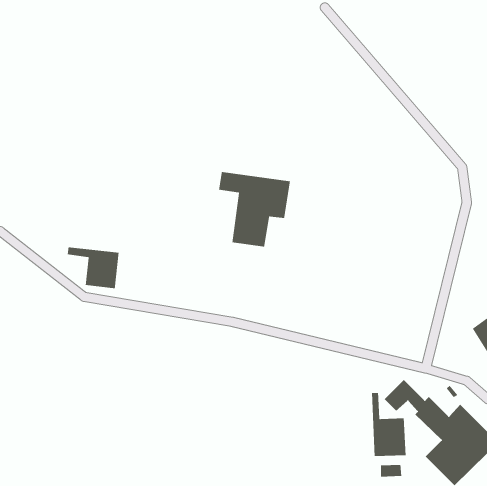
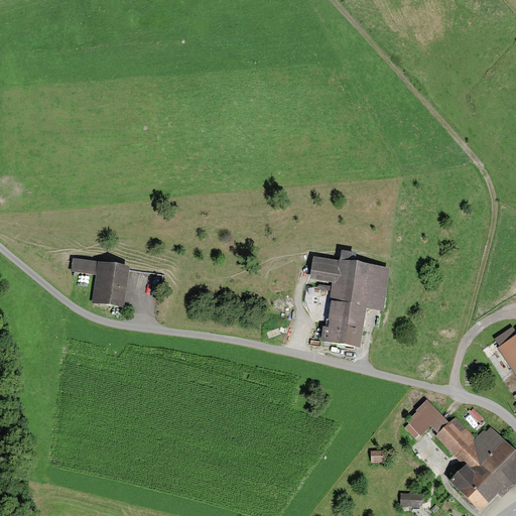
building: [218,171,291,248] -> [310,257,387,338]
building: [371,392,406,457] -> none

